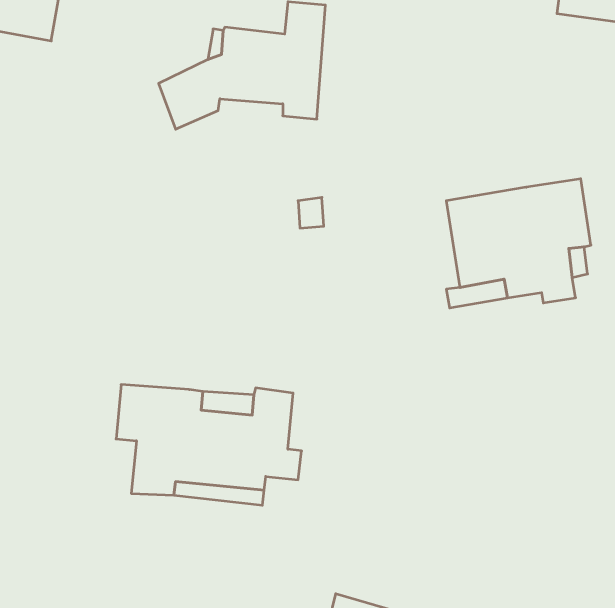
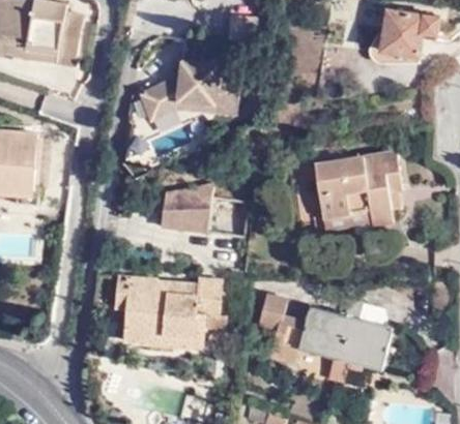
building: none -> [160,183,247,235]
building: none -> [258,295,392,378]

